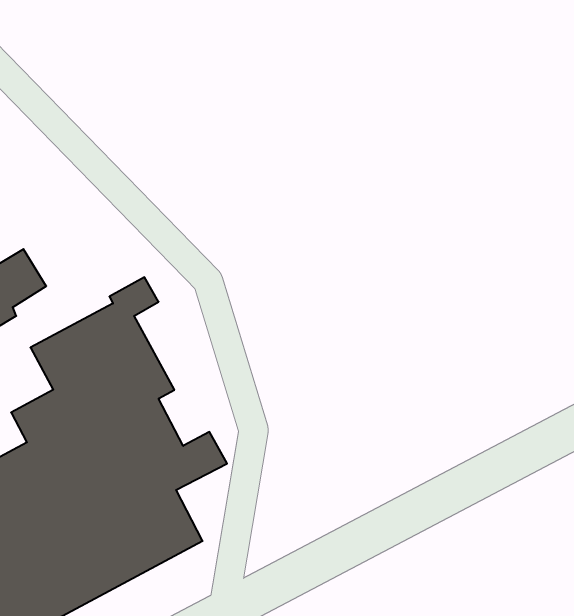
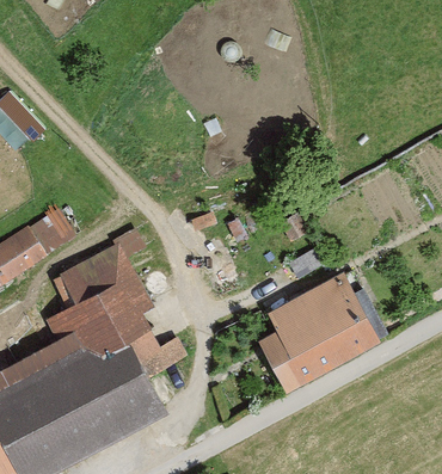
building: none -> [263,273,380,388]

